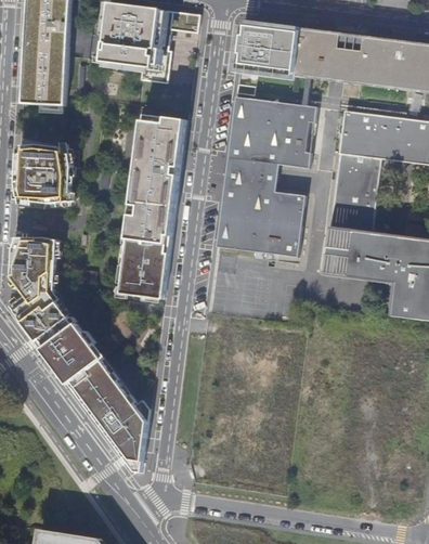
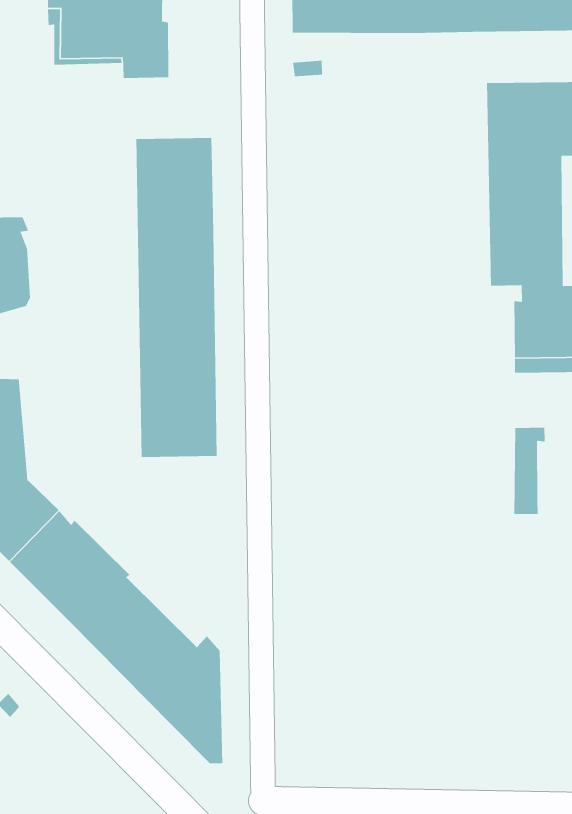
building: [213,95,314,257] -> none
building: [320,224,344,275] -> [513,427,546,515]

